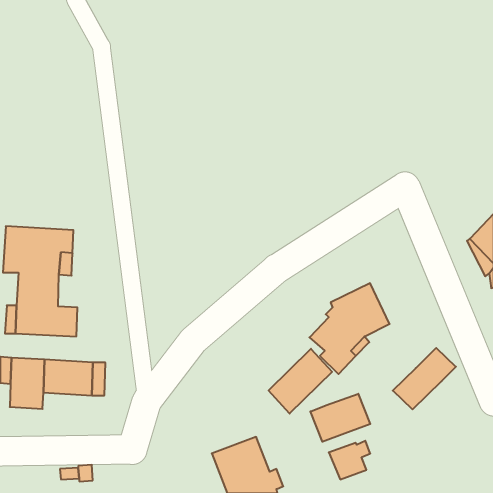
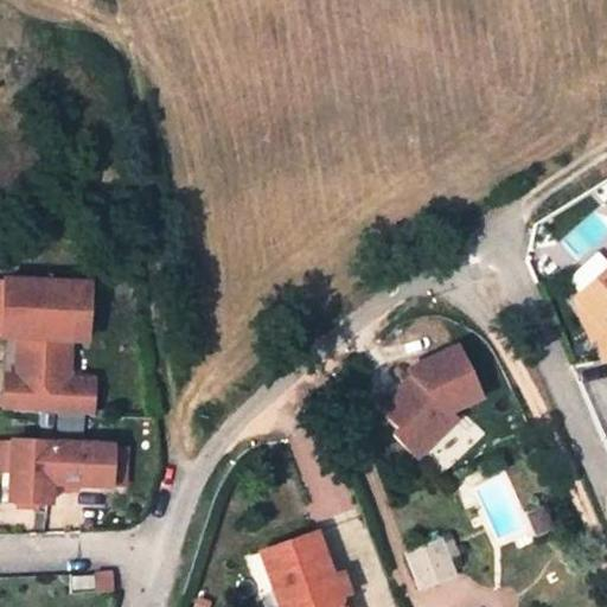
building: [393,348,456,409] -> none
building: [269,349,332,414] -> none
building: [310,394,370,442] -> none

